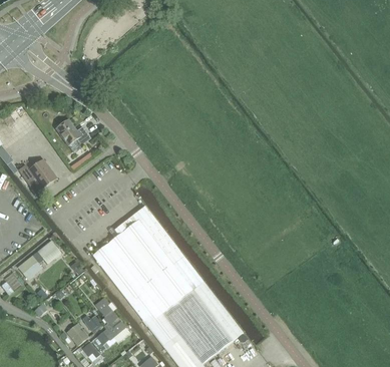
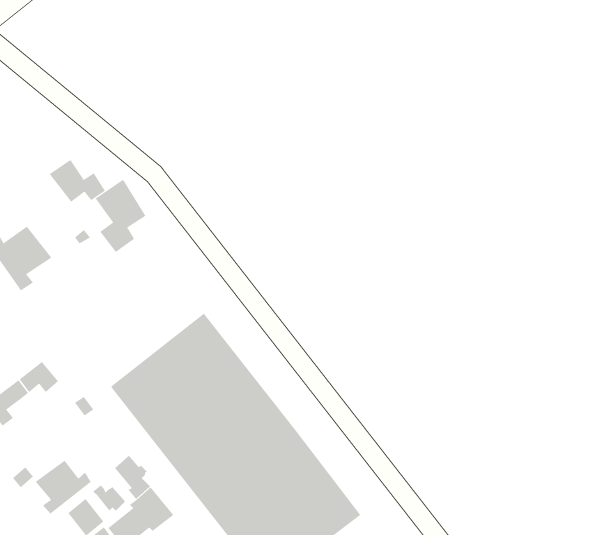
building: none -> [95,179,146,253]
building: none -> [35,460,92,514]

